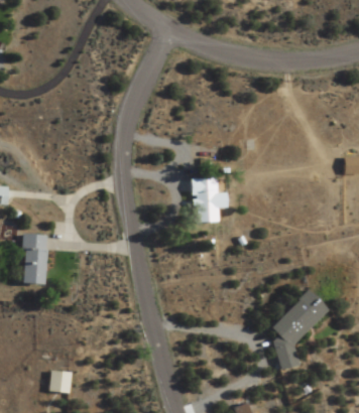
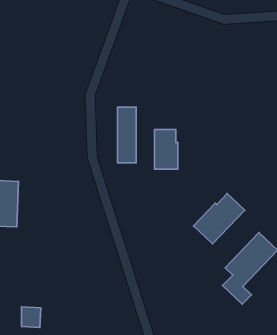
building: none -> [118,107,136,163]
building: none -> [194,193,245,244]

